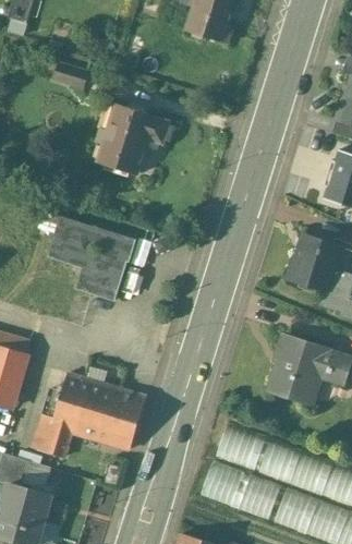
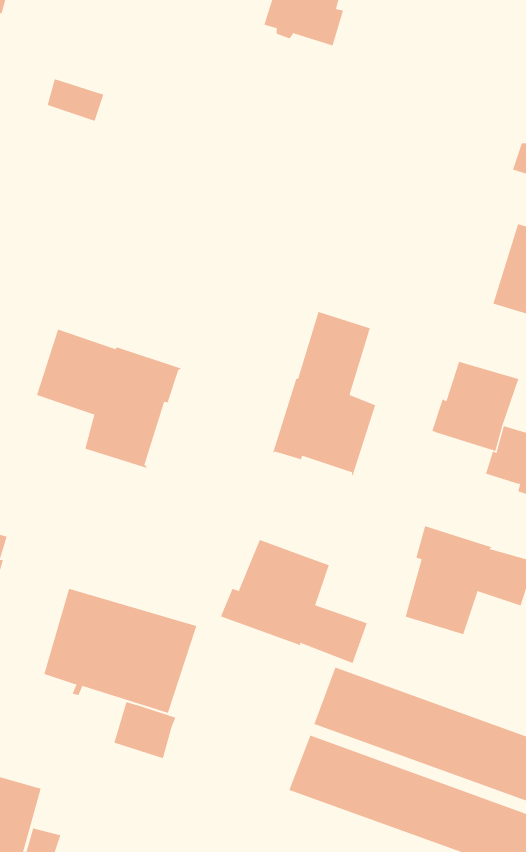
building: [95,104,168,174] -> none
building: none -> [273,311,376,477]
building: none -> [220,539,367,664]
building: [32,422,70,457] -> [113,702,176,759]

